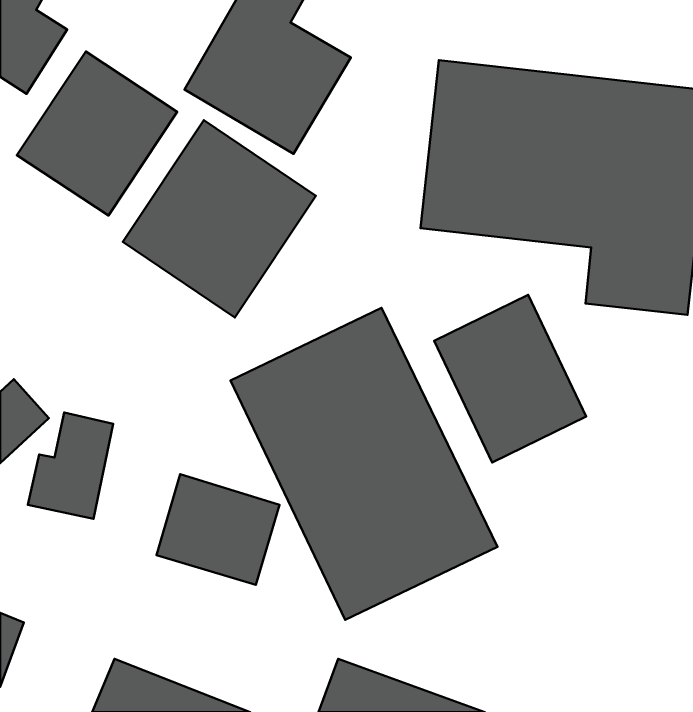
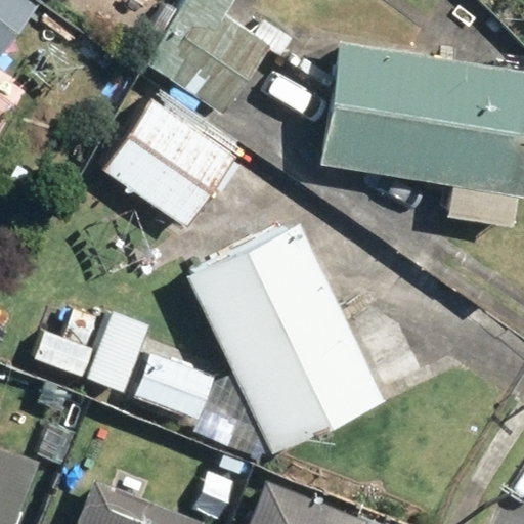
building: [17,52,177,215] -> none
building: [434,295,586,462] -> none

